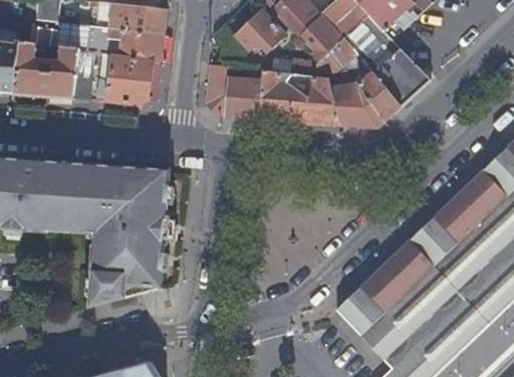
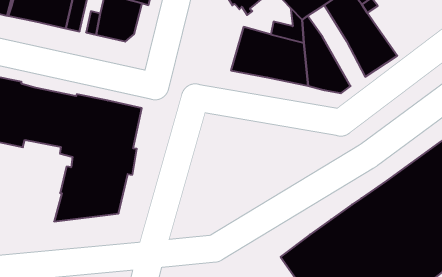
building: [329,36,400,118] -> none
building: [204,64,263,119] -> none

